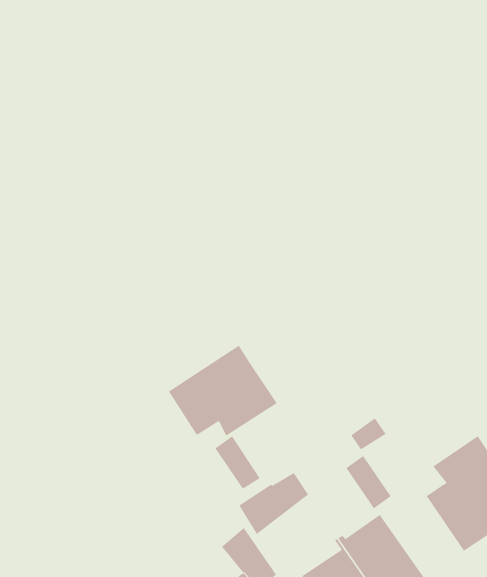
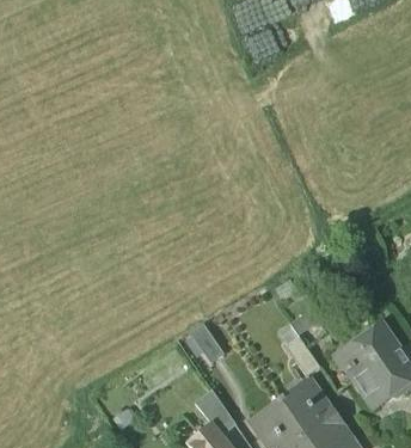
building: [168,345,277,437] -> none
building: [239,472,309,535] -> none

